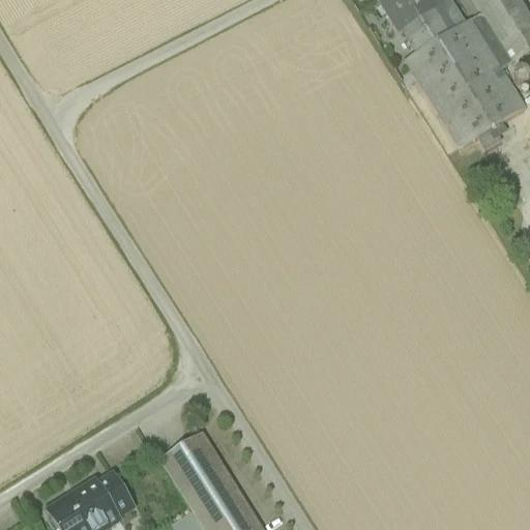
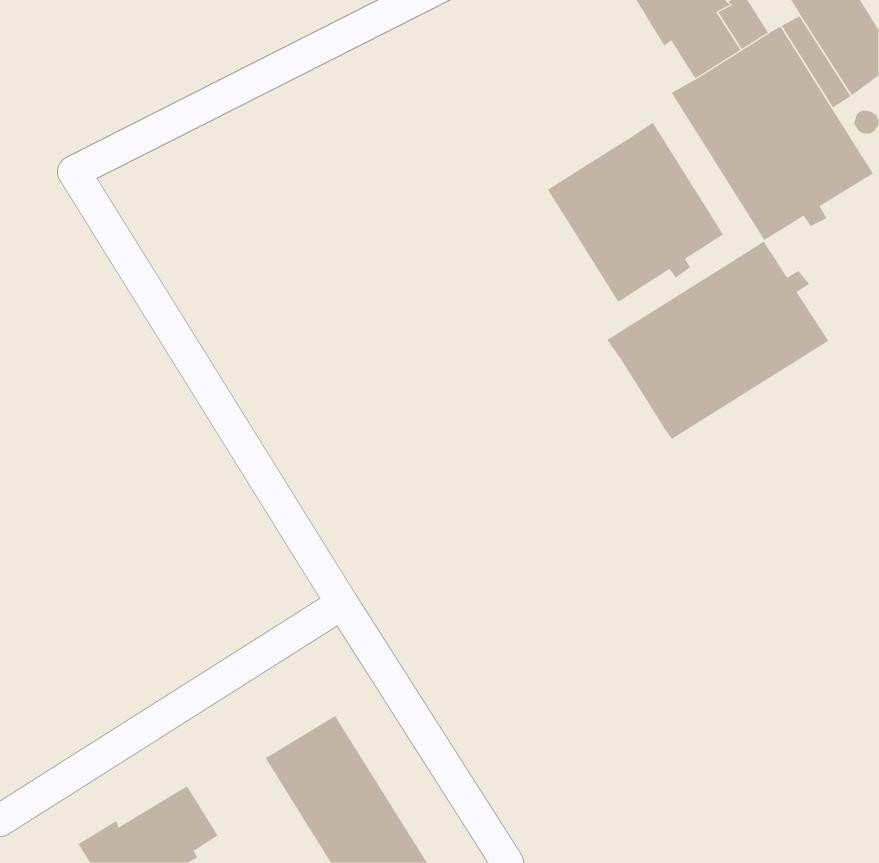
building: none -> [547,122,724,303]
building: none -> [606,241,829,440]

